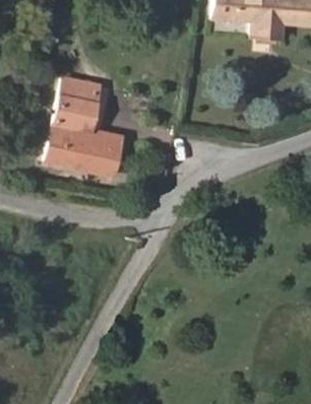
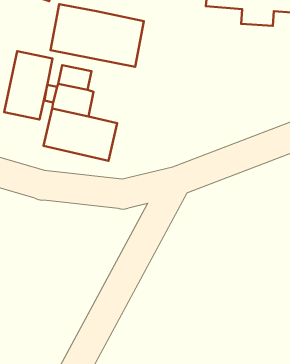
building: none -> [51,4,144,67]
building: none -> [4,51,53,120]

